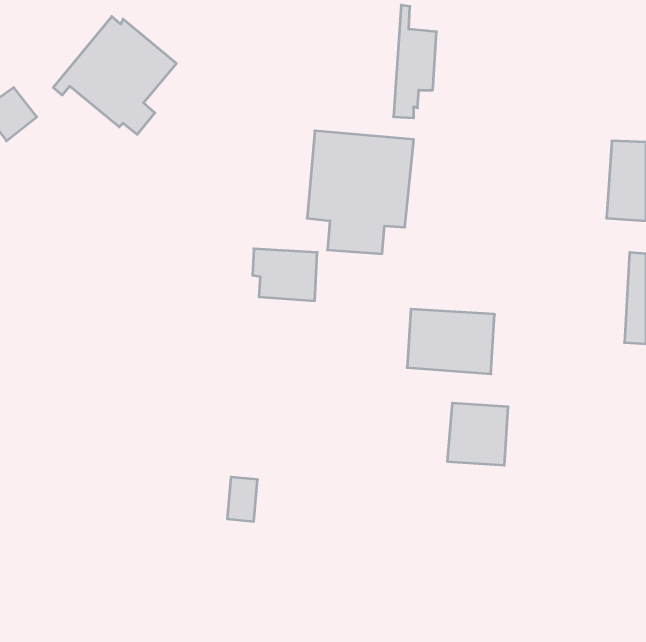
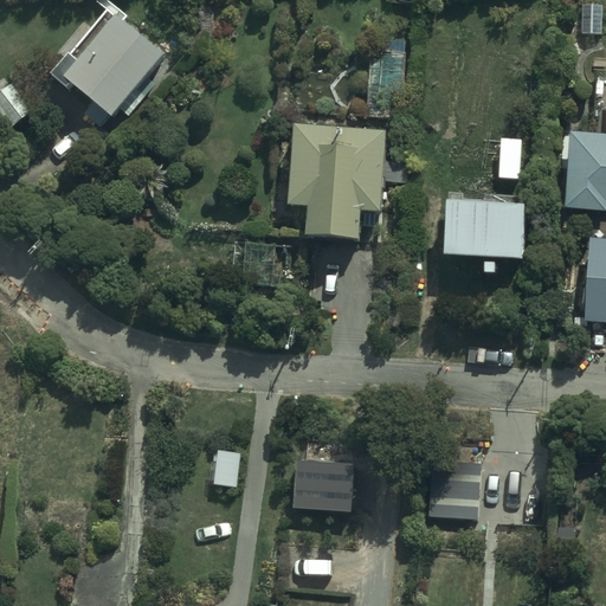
building: [407,309,495,374] -> [445,198,527,258]
building: [447,403,508,465] -> [425,458,482,516]
building: none -> [294,456,356,514]

